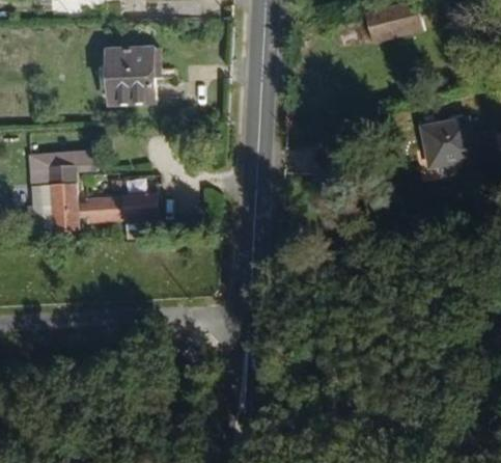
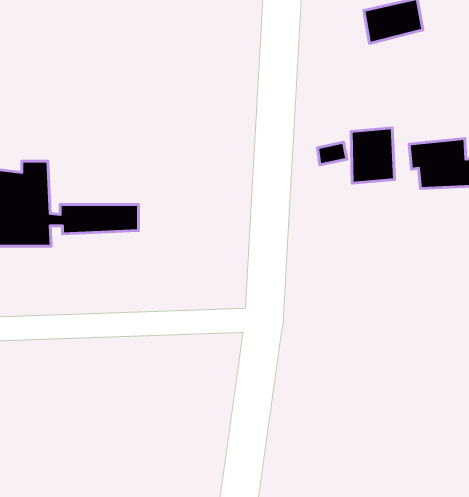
building: [106,37,152,88] -> none
building: none -> [351,128,395,183]

